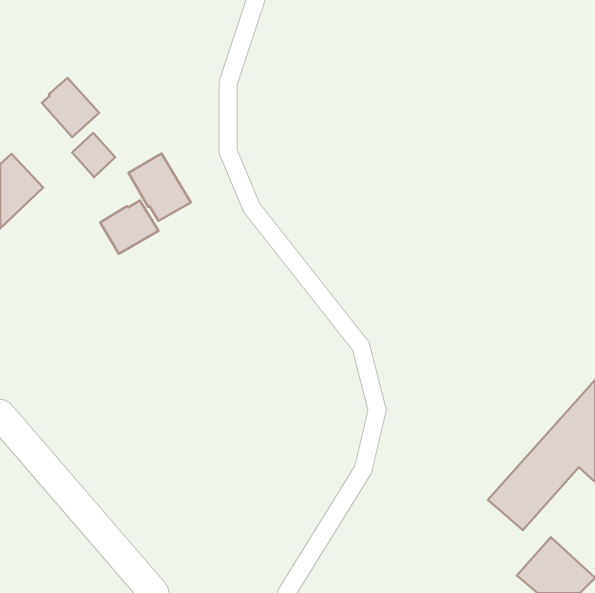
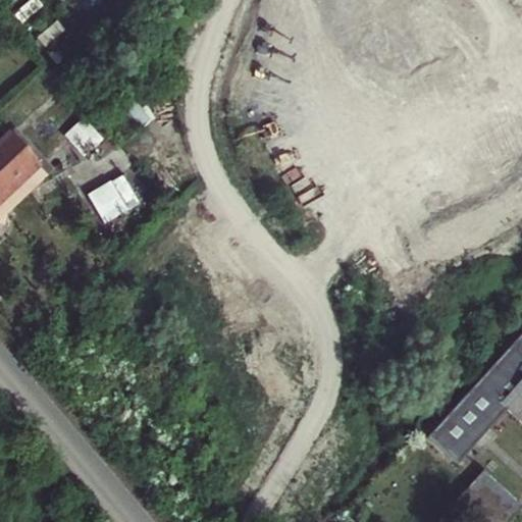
building: [42,78,99,137] -> none
building: [129,153,191,221] -> none

